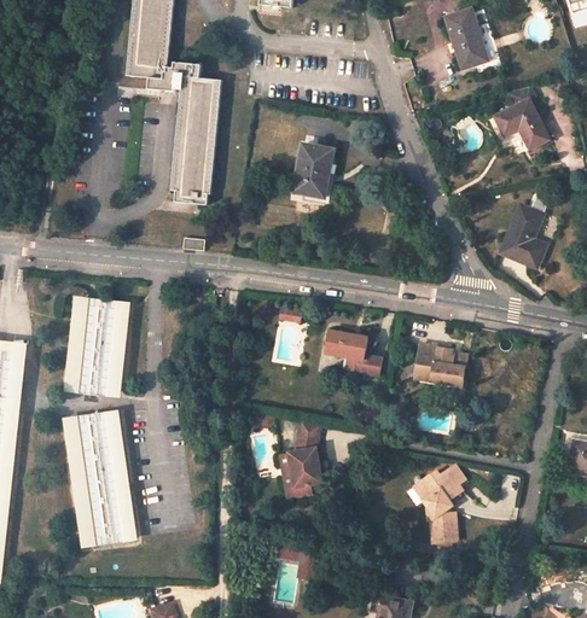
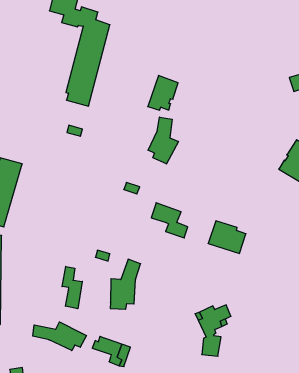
building: [444,8,487,69] -> none
building: none -> [148,117,178,164]
building: none -> [62,266,82,309]
building: none -> [33,322,86,351]

